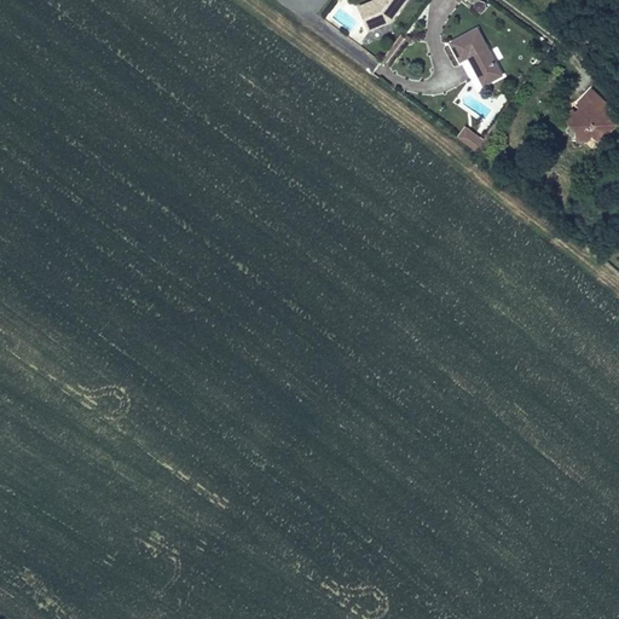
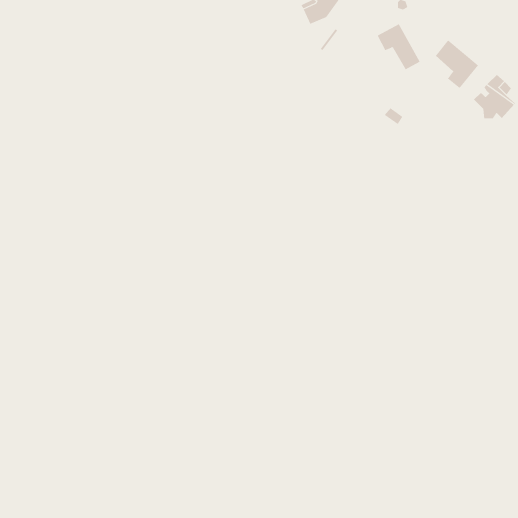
building: none -> [435,40,479,89]

